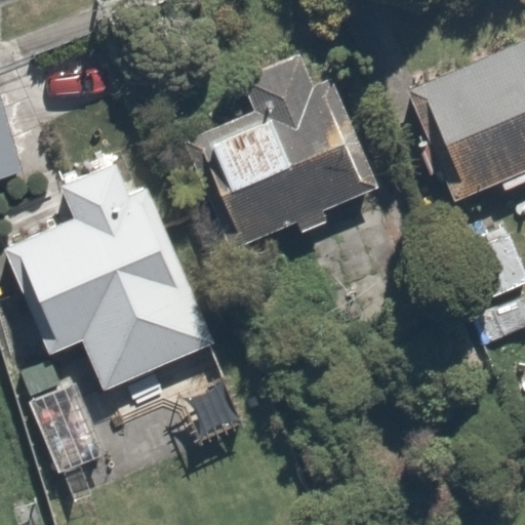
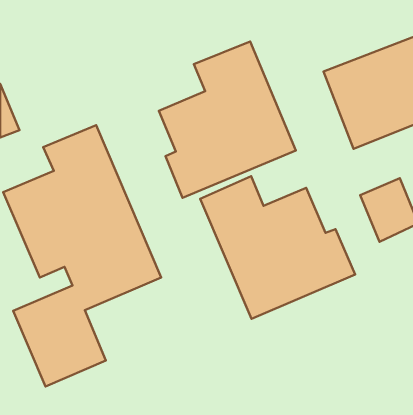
building: none -> [200,176,355,319]

